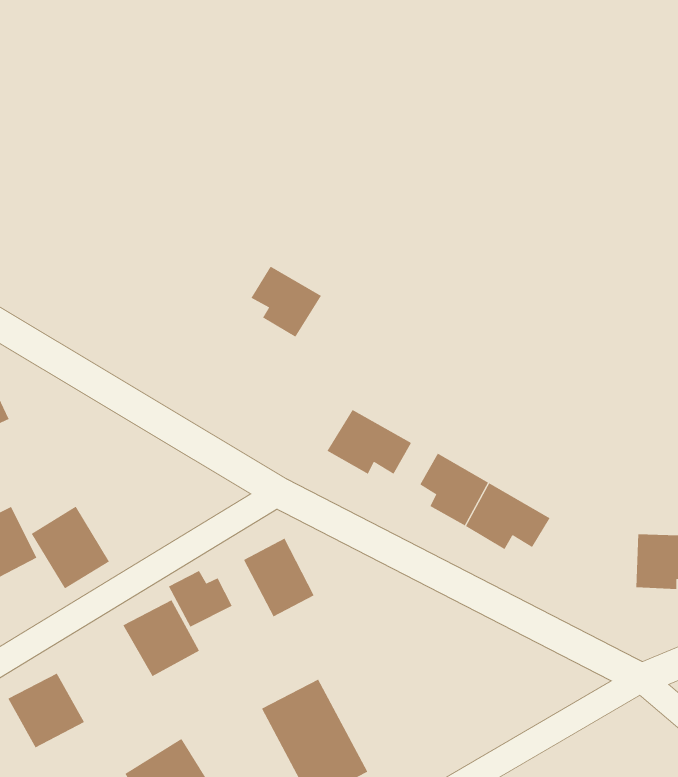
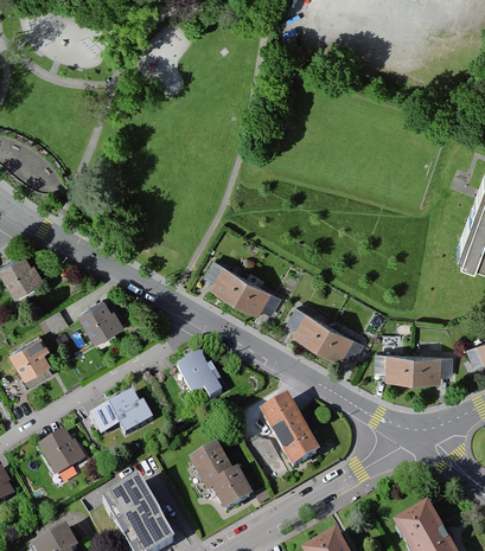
building: [250,266,322,337] -> [203,260,245,302]
building: [31,506,110,589] -> [76,291,123,341]
building: none -> [372,351,416,384]
building: [168,570,233,627] -> none
building: none -> [259,395,319,466]

